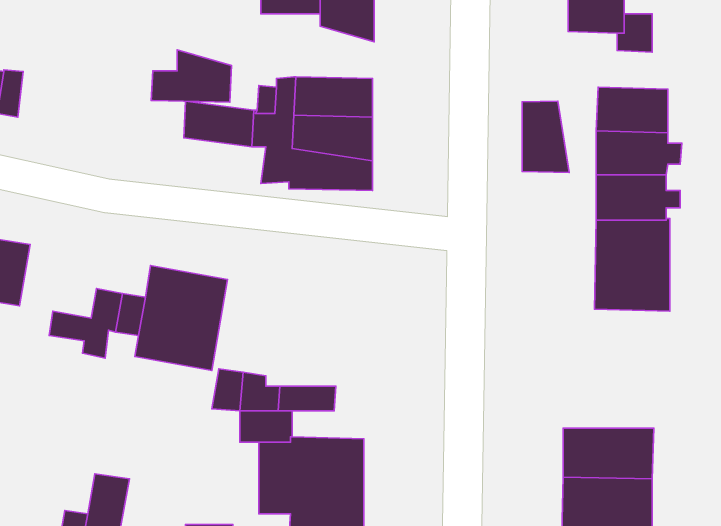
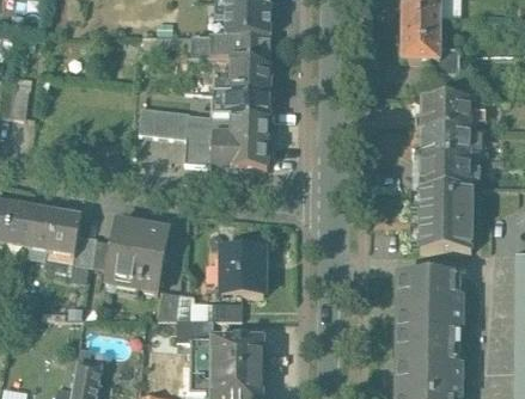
building: [151,50,231,102] -> [214,55,269,91]
building: [522,101,569,173] -> none
building: none -> [26,204,83,254]
building: none -> [221,245,264,293]
building: none -> [398,272,460,330]

